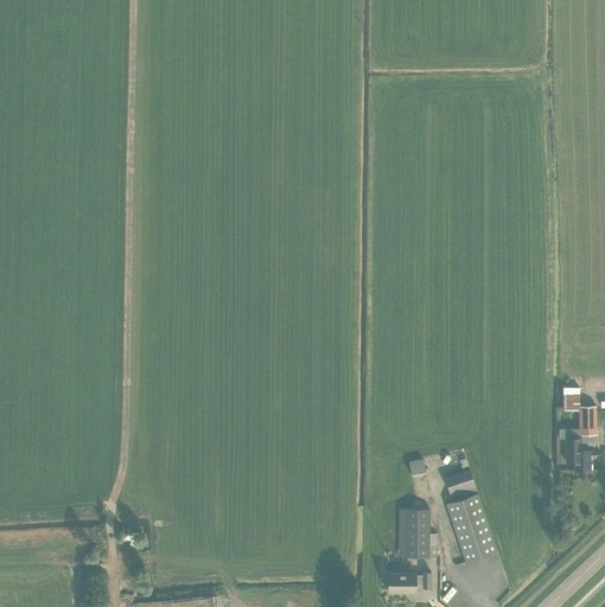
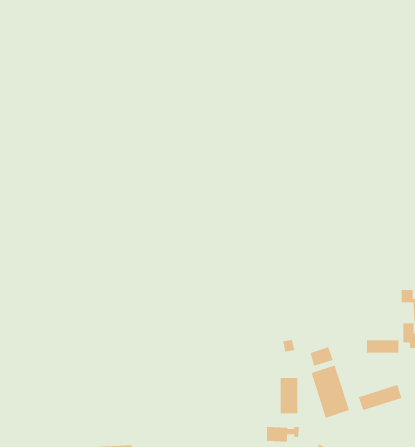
building: none -> [366,339,399,354]
building: none -> [358,384,402,411]

